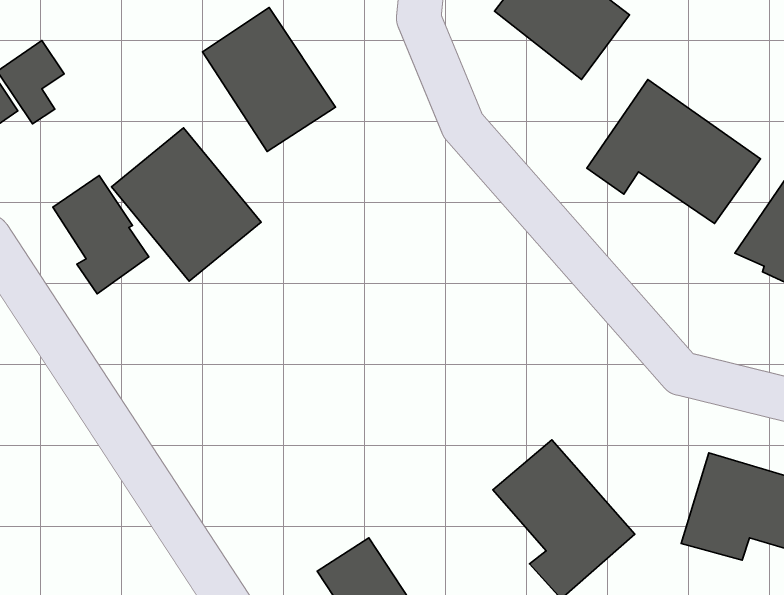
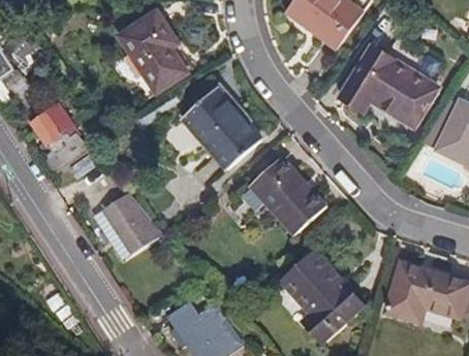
building: [112,128,261,281] -> [182,83,265,168]
building: none -> [250,157,325,233]
building: none -> [101,192,162,256]

